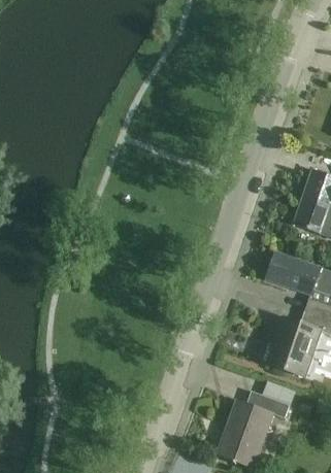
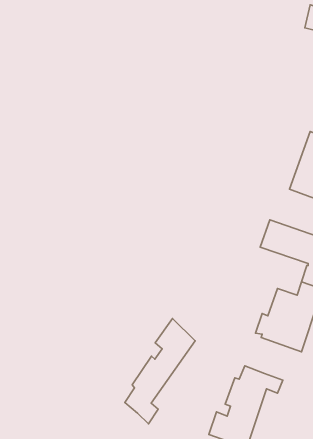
building: none -> [125,319,195,424]

